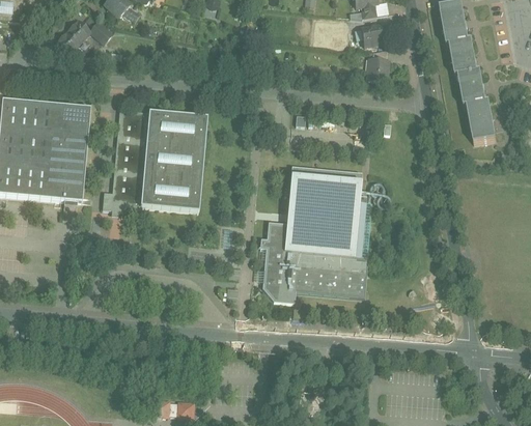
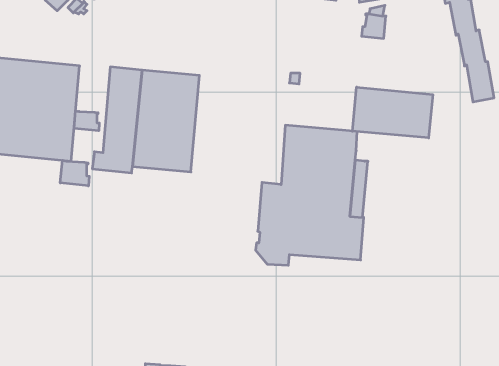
building: none -> [352,87,433,138]
building: none -> [74,111,99,131]
building: none -> [60,160,89,186]

